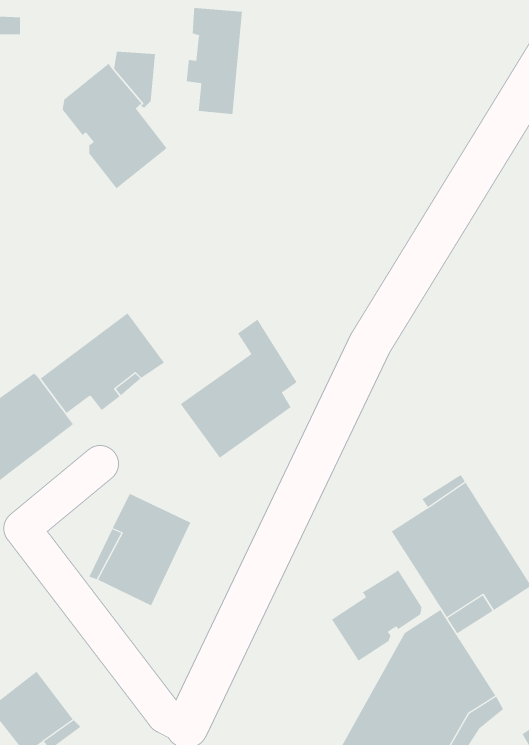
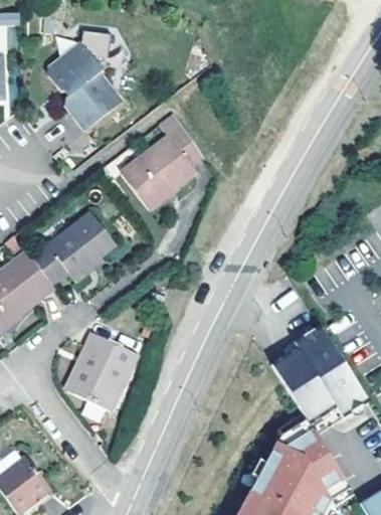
building: [186,7,242,115] -> none
building: [180,319,297,458] -> [122,113,202,208]
building: [331,570,422,661] -> none

